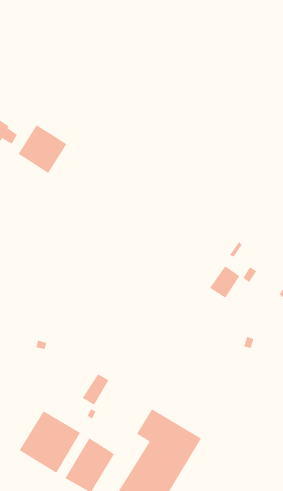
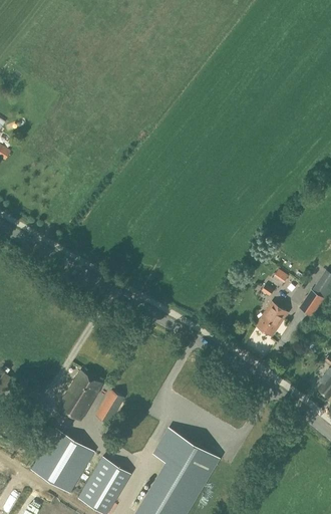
building: [18,125,67,174] -> none
building: [209,265,240,298] -> [256,302,288,336]
building: none -> [58,371,102,421]

